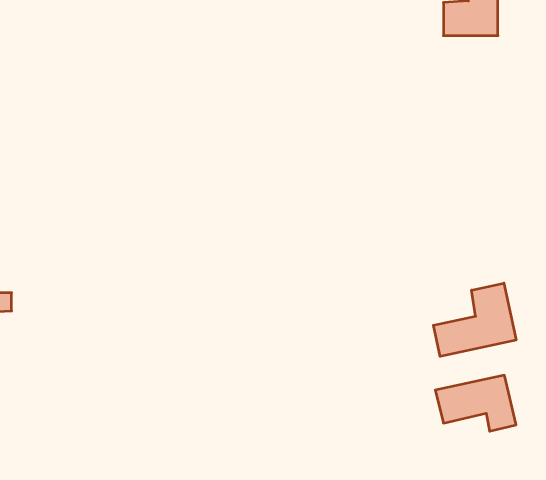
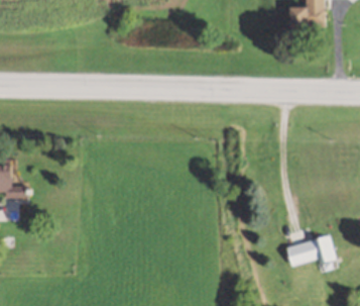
building: [433,283,516,356] -> none

